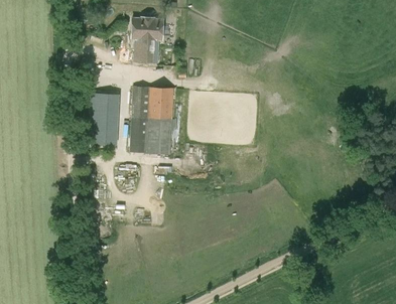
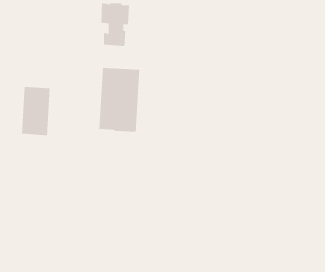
building: [88,93,119,145] -> [21,86,51,136]

